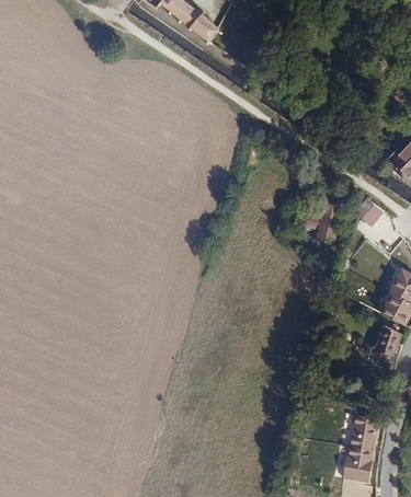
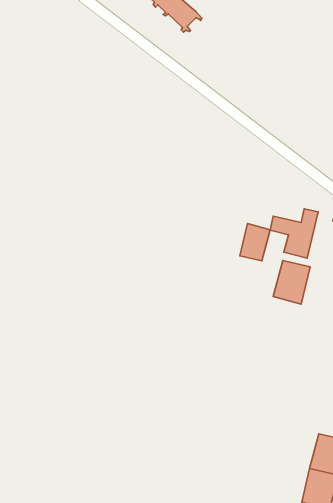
building: none -> [240,223,270,261]
building: none -> [273,260,310,304]

